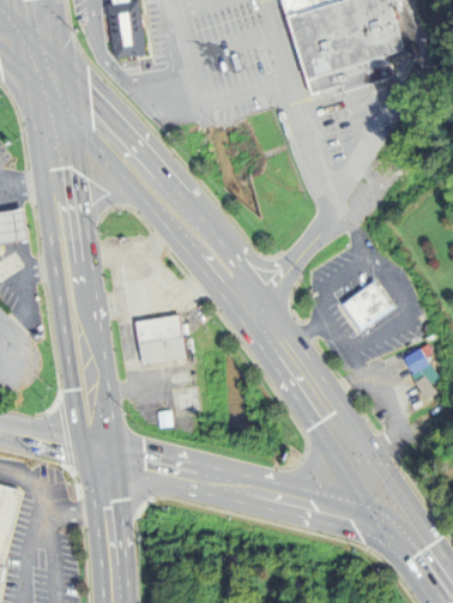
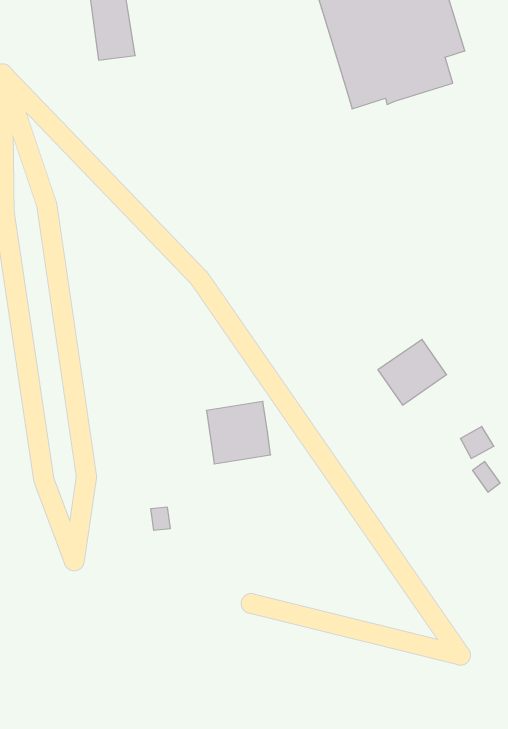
building: [138,314,188,363] -> [206,401,271,464]

